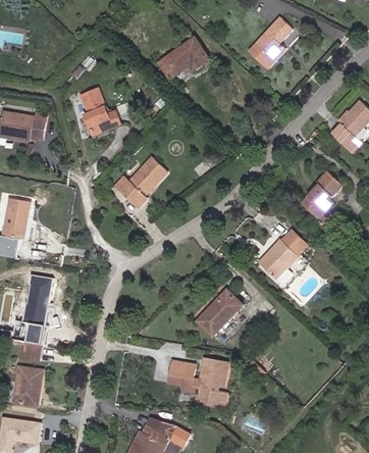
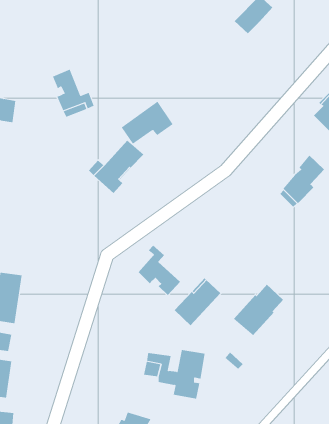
building: [158,37,209,79] -> [121,101,174,144]
building: [248,42,284,67] -> none
building: [258,229,307,279] -> [233,284,284,336]
building: none -> [138,245,181,296]

